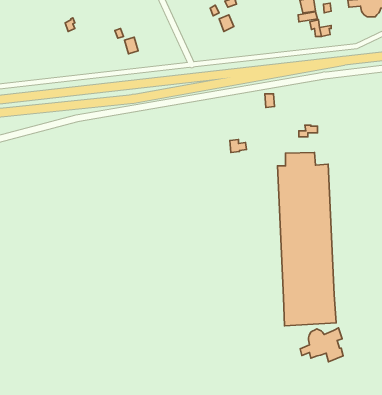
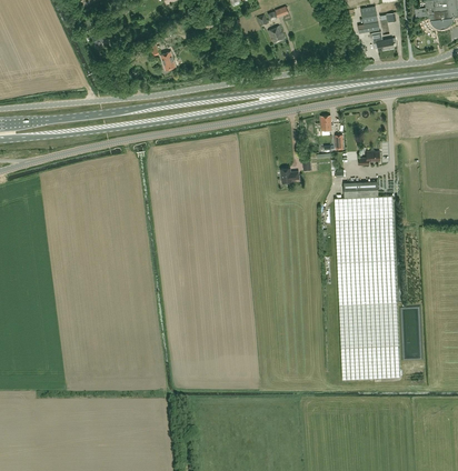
building: [300,328,343,362] -> none

